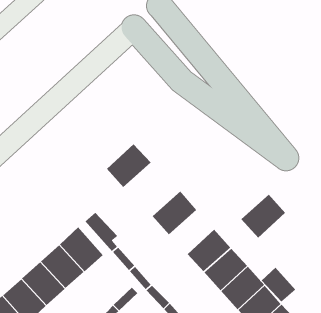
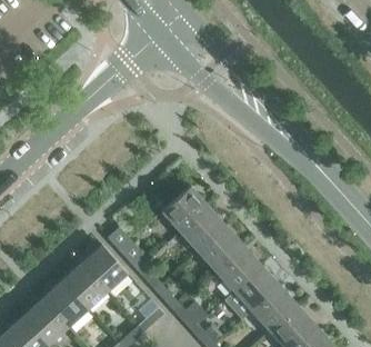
building: [106,143,151,188] -> [161,186,209,232]
building: [240,194,286,238] -> [197,226,244,272]
building: [261,267,296,303] -> none

